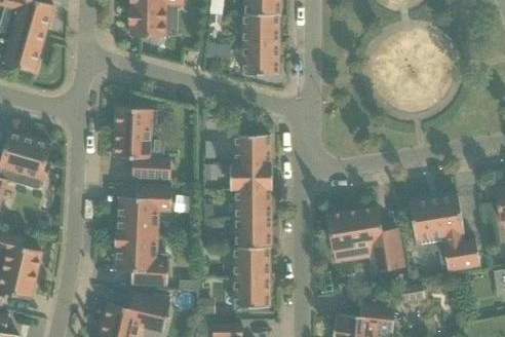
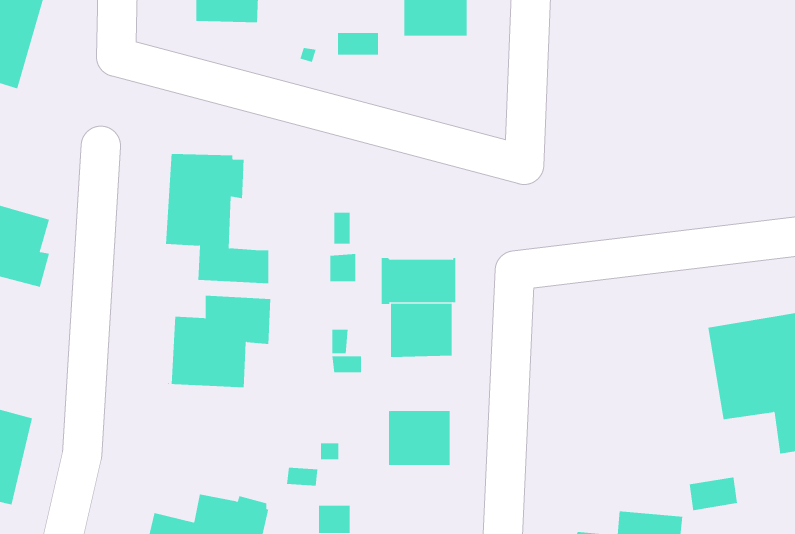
building: [243,44,278,75] -> none
building: [235,135,270,165] -> none
building: [326,208,403,272] -> none
building: [236,218,270,249] -> none
building: [114,233,168,286] -> none
building: [235,277,269,307] -> none

